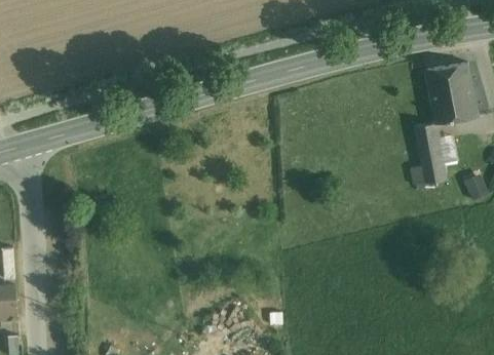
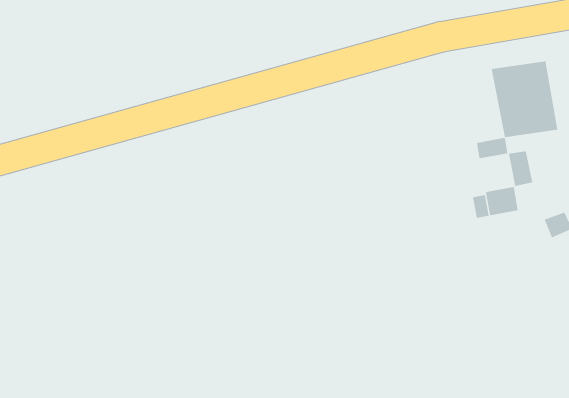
building: [415,135,443,165] -> none

